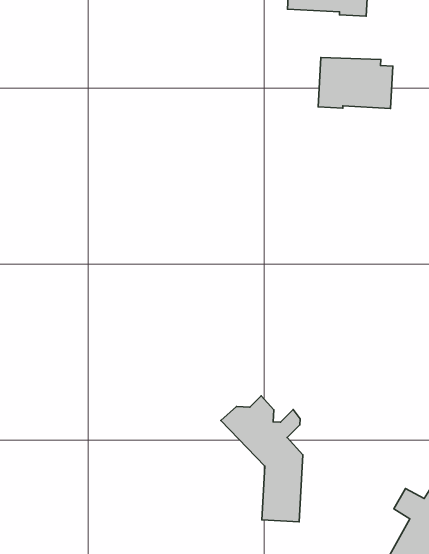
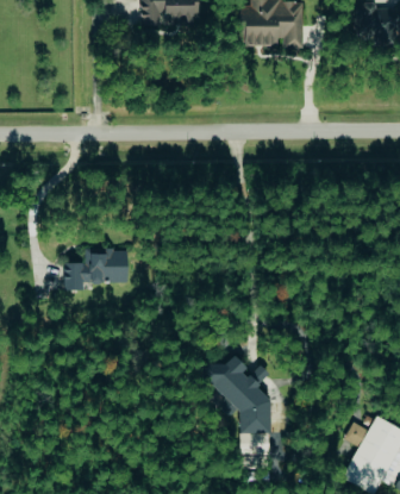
building: [318,57,393,108] -> none
building: none -> [63,248,127,289]

